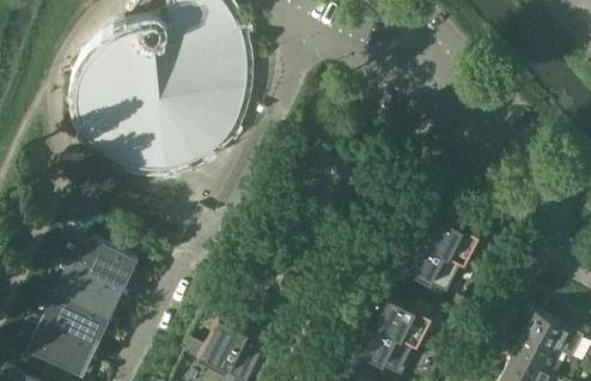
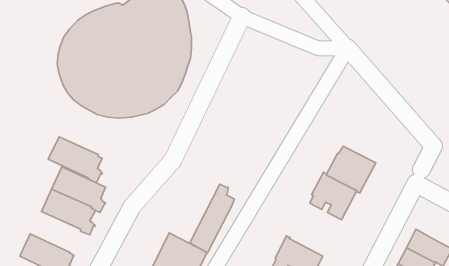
building: none -> [190,184,235,253]
building: [373,285,437,345] -> none
building: [41,288,110,346] -> [48,137,102,183]

